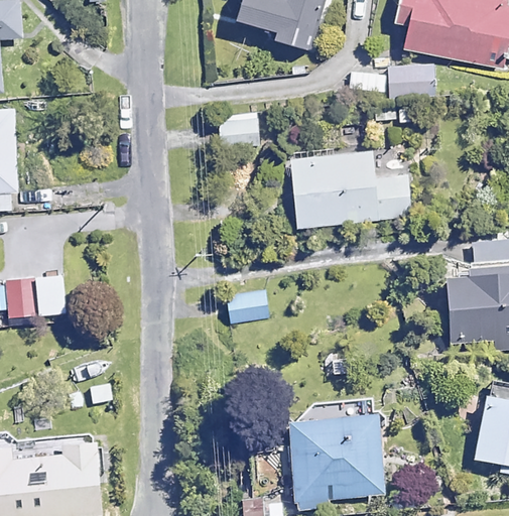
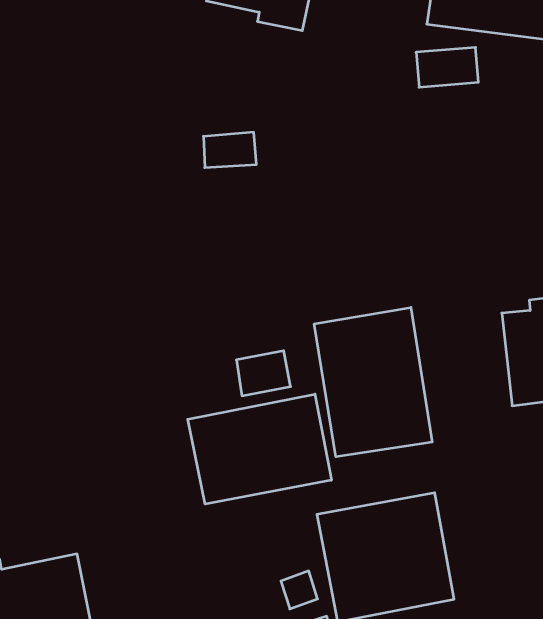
building: [289,150,413,226] -> none
building: none -> [314,307,432,457]
building: none -> [188,394,331,504]

